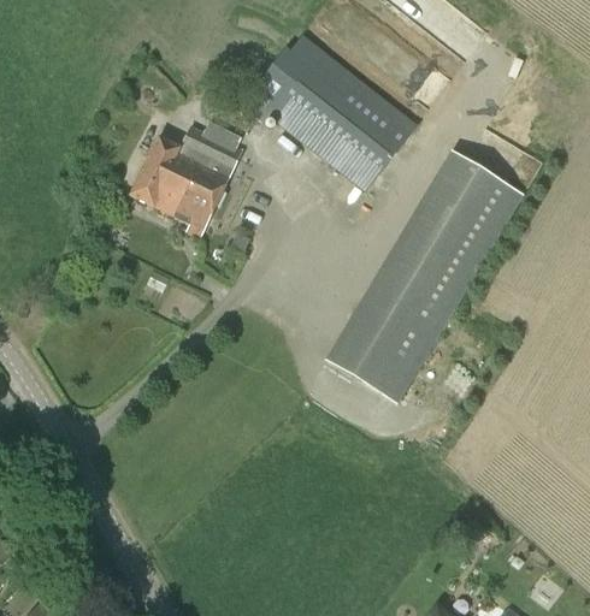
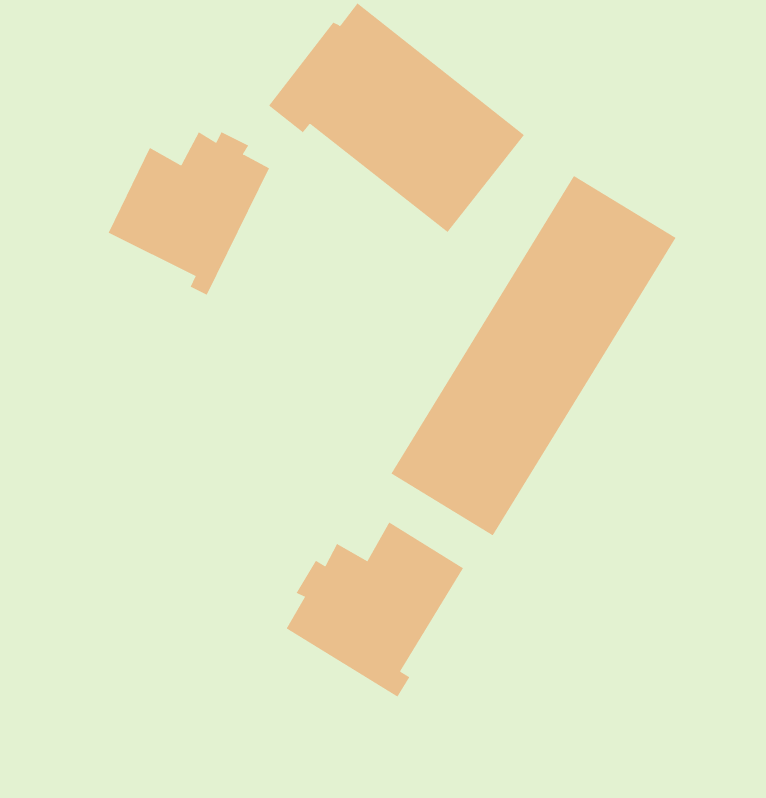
building: none -> [286,522,464,697]

